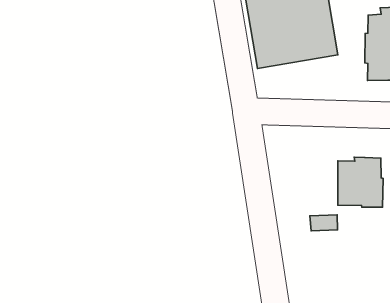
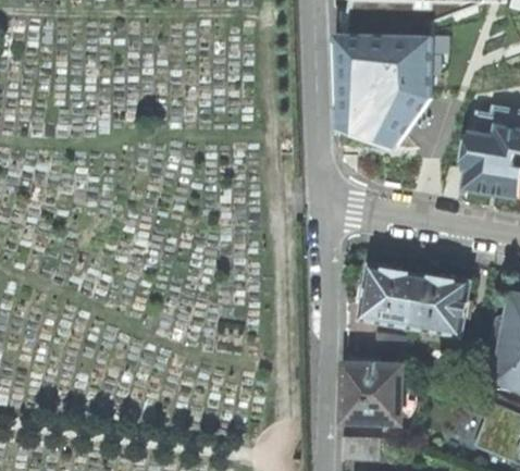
building: none -> [358,261,418,324]
building: none -> [341,363,399,423]

